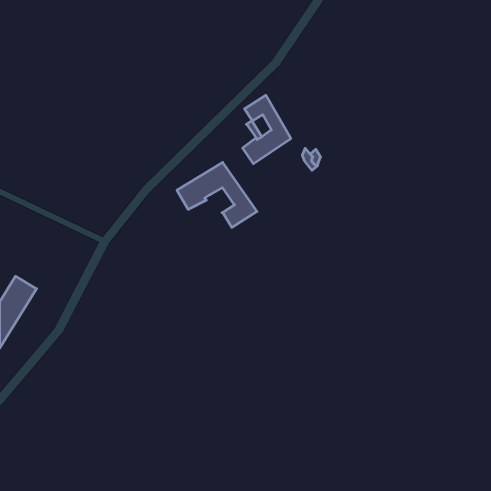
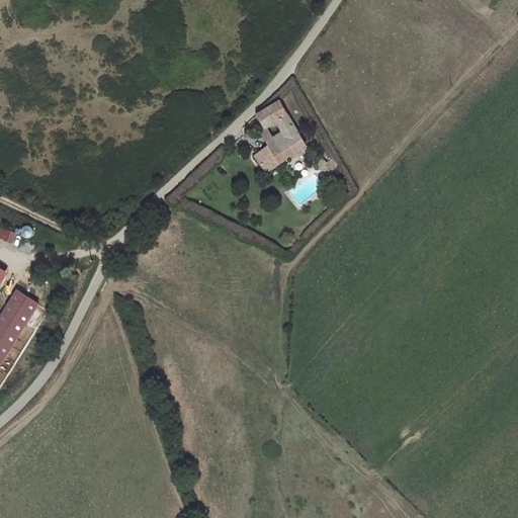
building: [177,162,257,227] -> none

